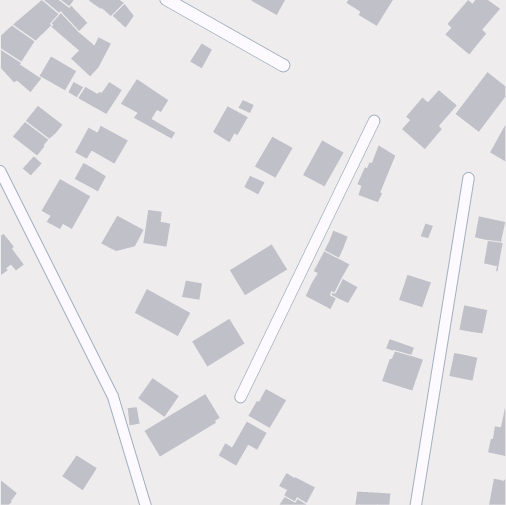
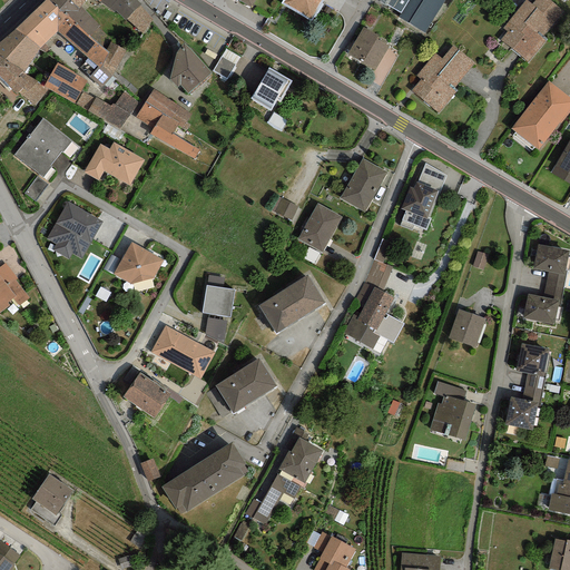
building: none -> [347,26,390,69]
building: none -> [169,42,212,92]
building: [401,90,458,150] -> [411,45,474,112]
building: [212,105,249,143] -> [250,67,292,109]
building: [254,136,294,178] -> [297,203,342,250]
building: [74,162,107,192] -> none
building: [143,210,171,247] -> [203,274,235,316]
building: none -> [522,293,558,323]
building: none -> [522,373,543,407]
building: [137,377,180,418] -> [122,372,170,417]
building: [61,454,98,491] -> [31,473,72,514]

